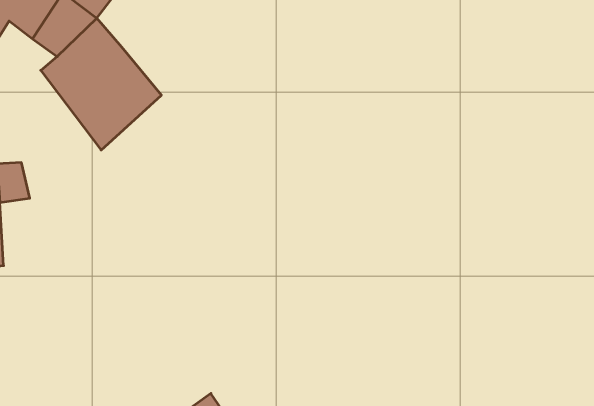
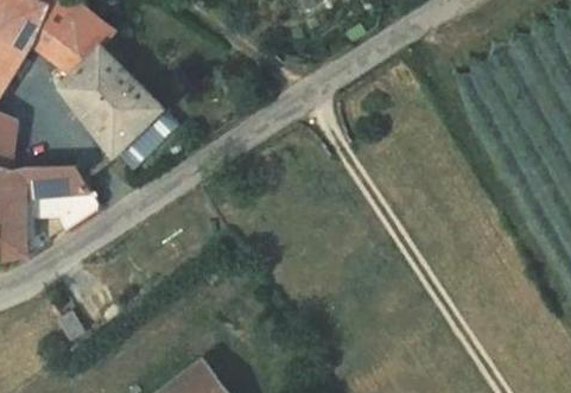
building: none -> [42,169,97,221]

